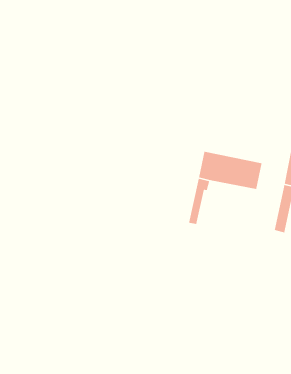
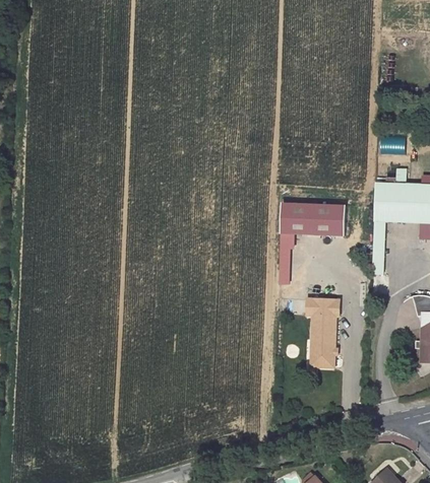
building: none -> [306,296,340,365]

